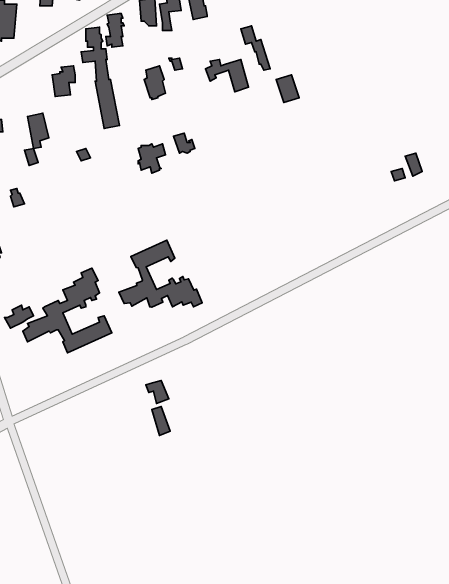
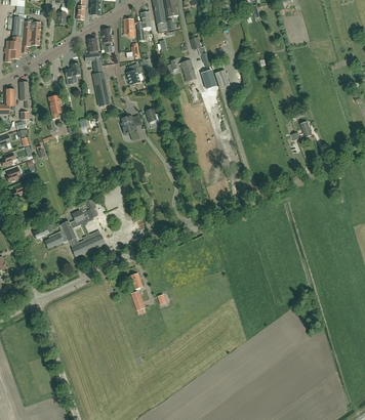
building: [119,240,202,307] -> none

